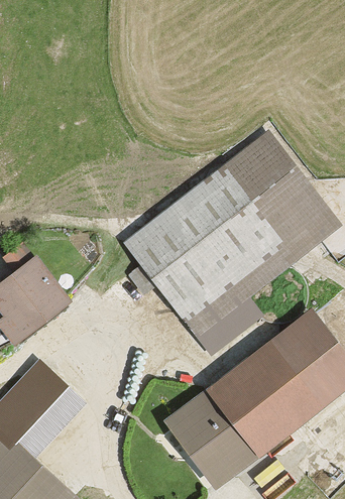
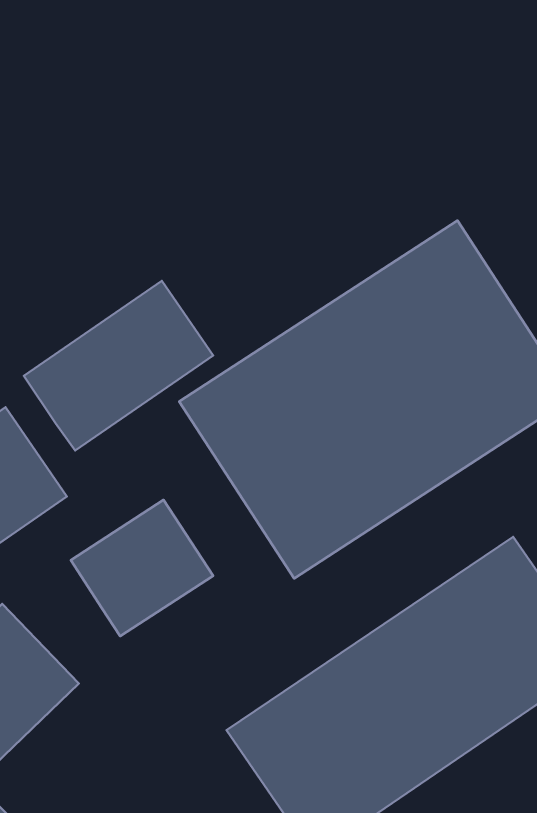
building: none -> [24,281,213,450]
building: none -> [71,500,213,636]

